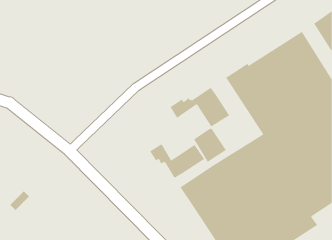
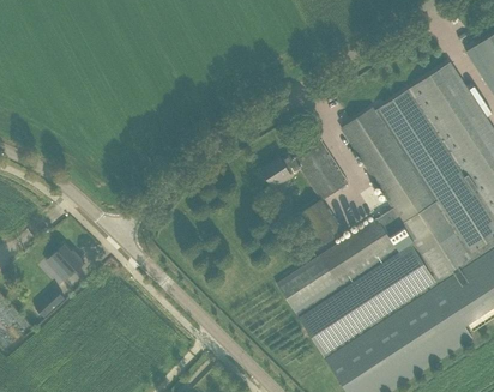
building: [149,143,205,179] -> none
building: none -> [52,245,84,279]

